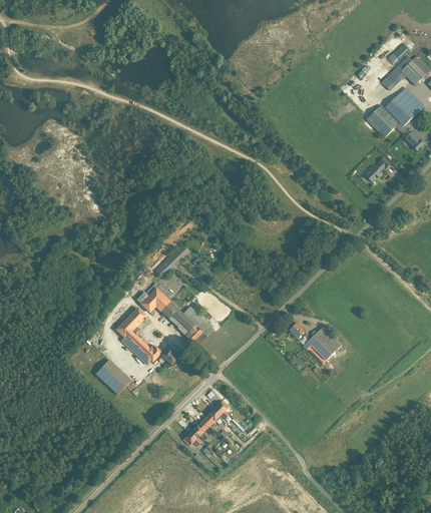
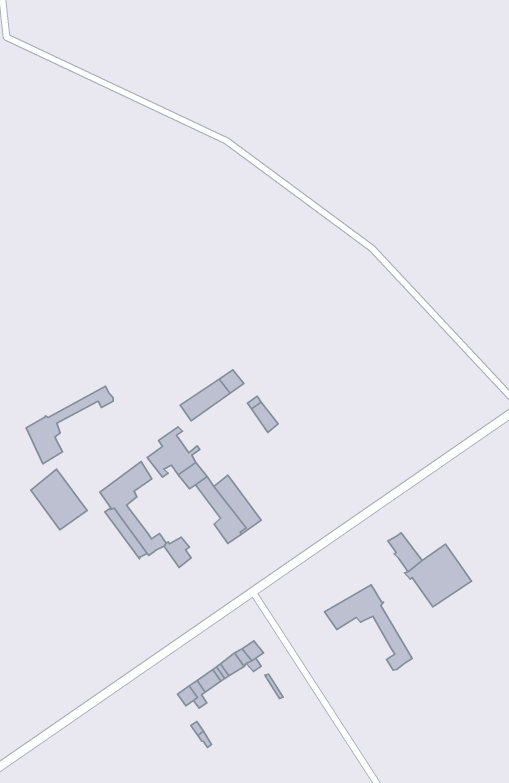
building: none -> [26,386,113,464]
building: none -> [325,585,412,670]
building: [95,360,130,395] -> [31,469,87,530]

